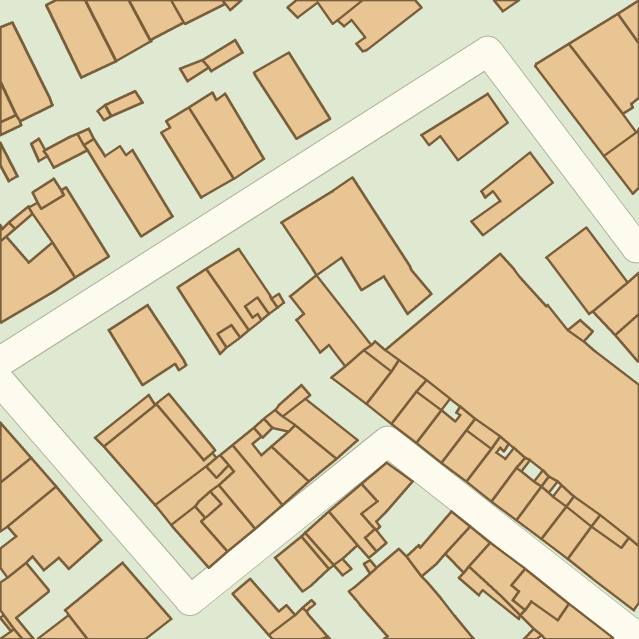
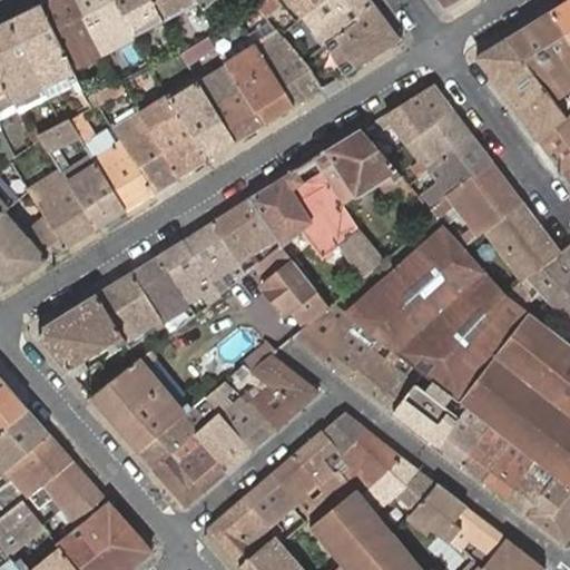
building: none -> [11,4,83,95]
building: none -> [326,7,400,75]
building: none -> [255,30,323,106]
building: none -> [200,67,264,141]
building: none -> [407,109,472,176]
building: none -> [116,114,179,193]
building: none -> [314,129,402,205]
building: none -> [53,154,126,228]
building: none -> [430,163,522,247]
building: none -> [213,198,278,263]
building: none -> [131,256,196,322]
building: none -> [39,294,127,376]
building: none -> [335,429,402,495]
building: none -> [61,481,109,534]
building: none -> [223,497,269,544]

